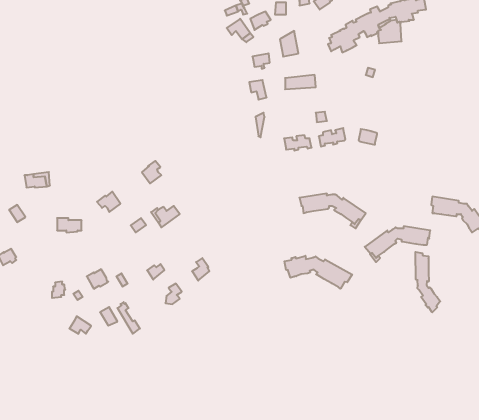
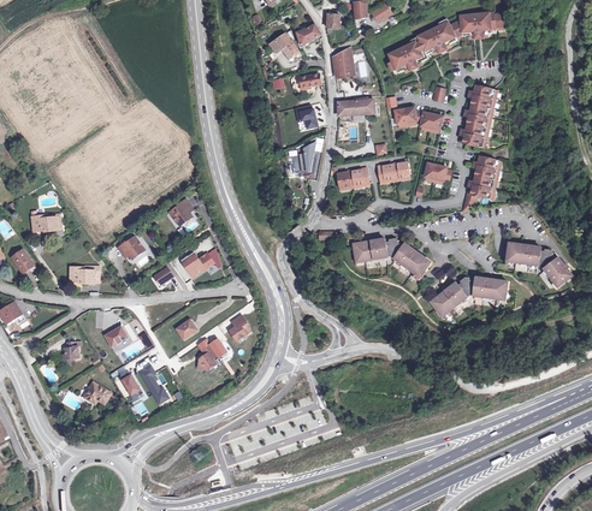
building: none -> [462,84,493,147]
building: none -> [393,107,442,129]
building: none -> [469,155,498,197]
building: [415,252,440,312] -> none
building: [284,256,352,289] -> none

